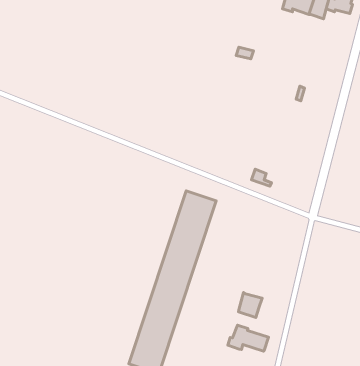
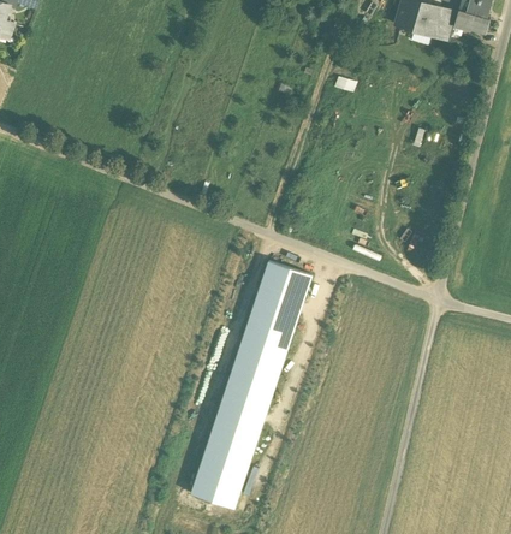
building: [239,293,262,318] -> none
building: [228,325,268,351] -> none

